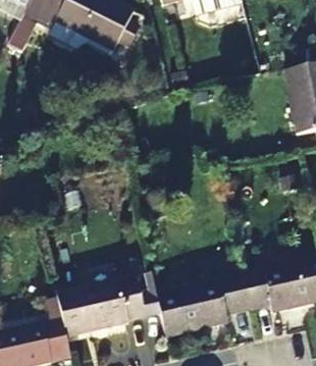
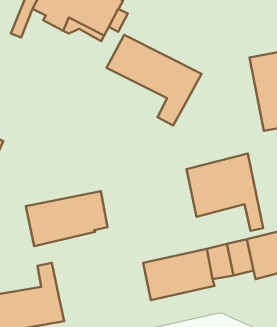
building: none -> [106,35,201,125]
building: none -> [186,154,263,231]
building: [59,274,147,333] -> [26,191,108,246]

